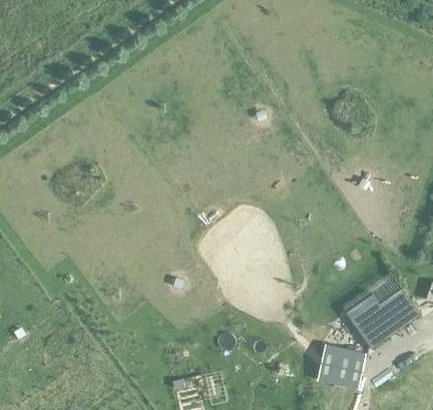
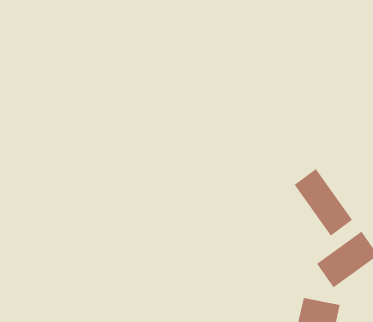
building: none -> [294,168,353,237]

